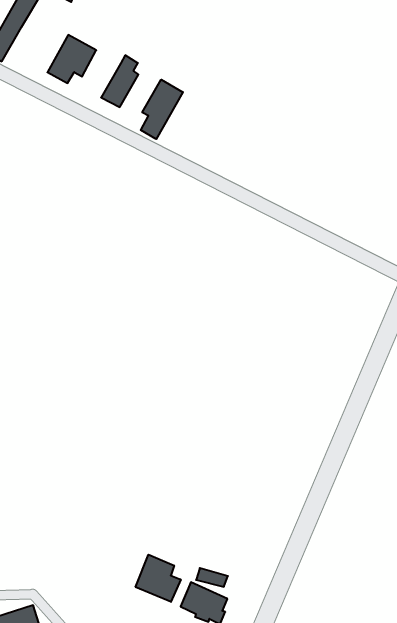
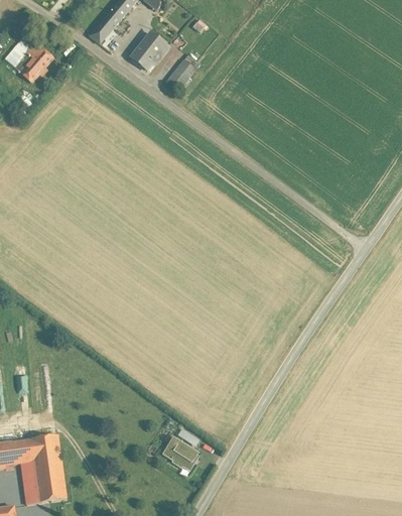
building: [141,80,183,139] -> none
building: [136,555,181,602] -> none

